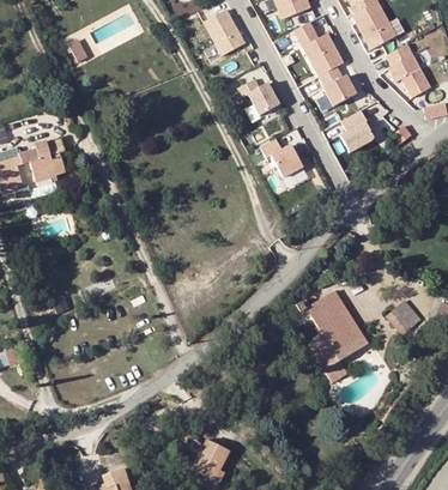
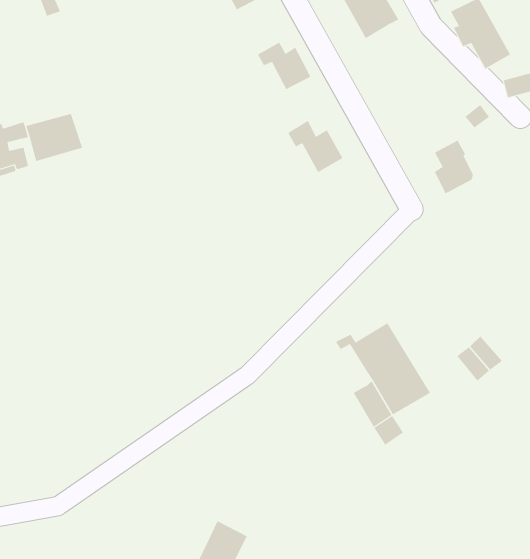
building: [319,65,356,105] -> none
building: [343,109,373,150] -> [434,140,474,194]
building: none -> [25,113,83,162]

